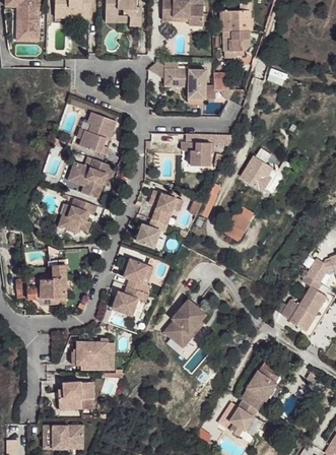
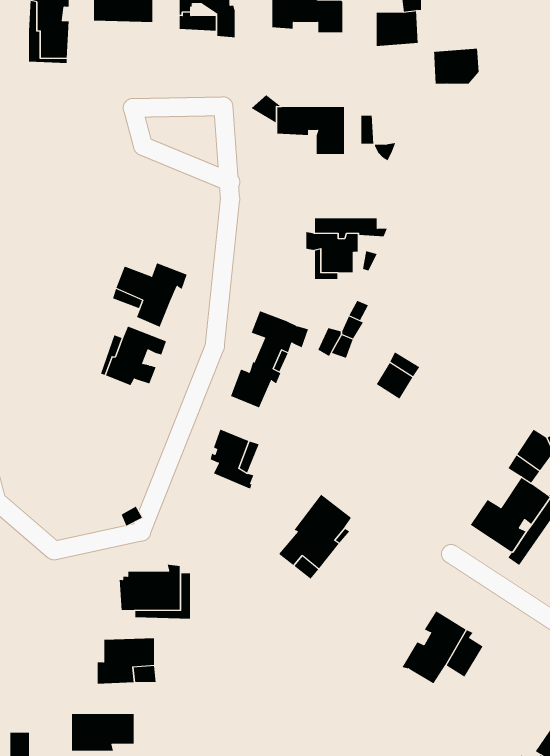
building: [222,29,250,51] -> [433,48,479,84]
building: [81,112,118,155] -> none
building: [242,156,282,192] -> none
building: [26,264,66,305] -> none
building: [112,284,148,315] -> none
building: [229,400,258,437] -> none

